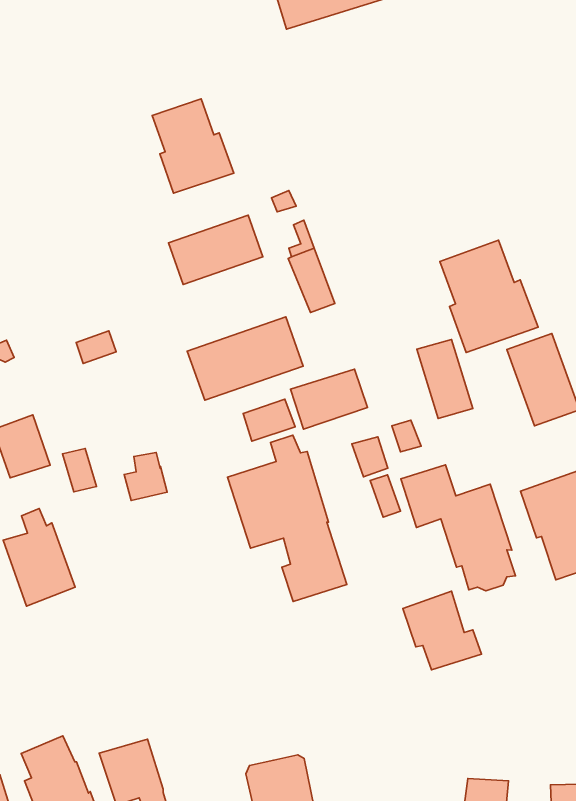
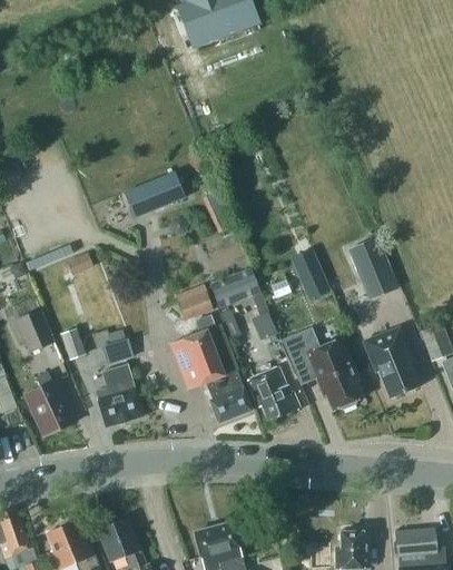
building: [152,99,234,193] -> none
building: [440,240,538,352] -> none
building: [187,317,303,400] -> none
building: none -> [96,364,142,426]
building: [403,591,482,670] -> [247,366,301,419]

